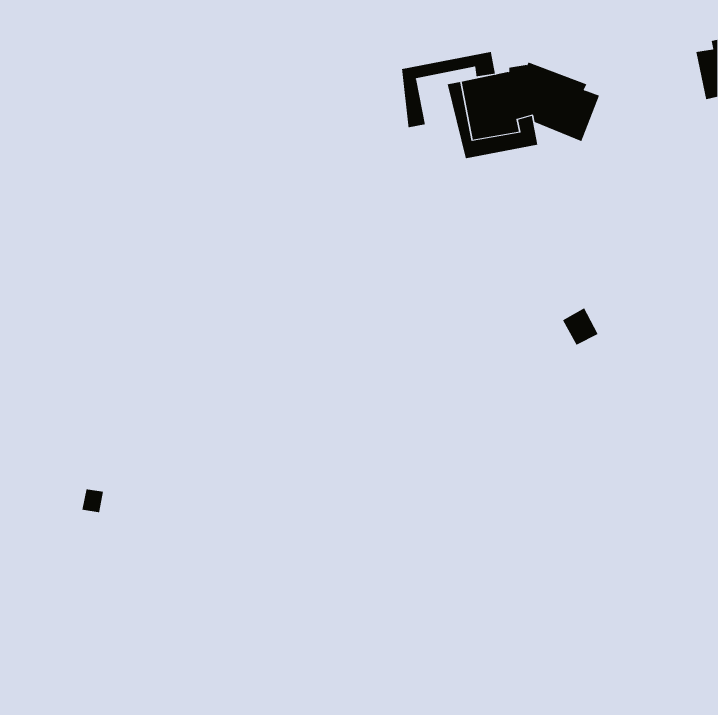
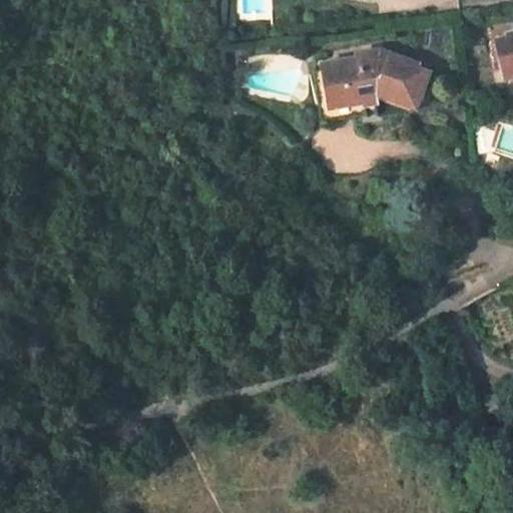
building: [402,51,496,128] -> none

